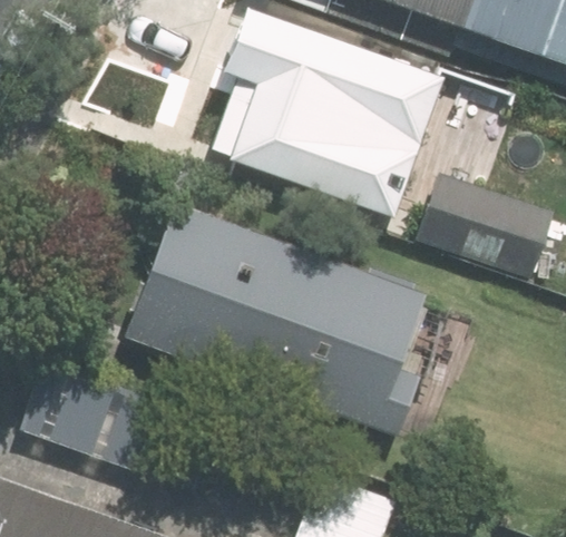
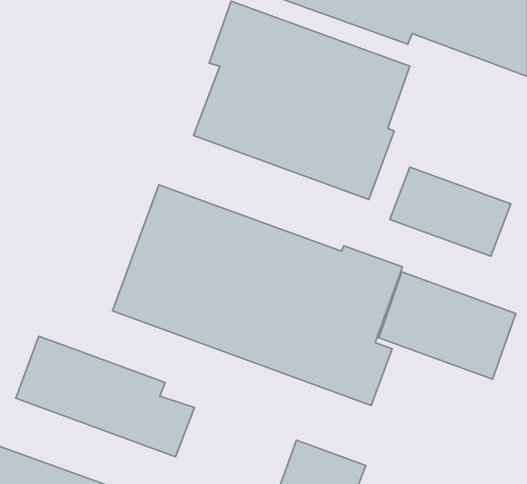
building: none -> [379,272,516,379]

